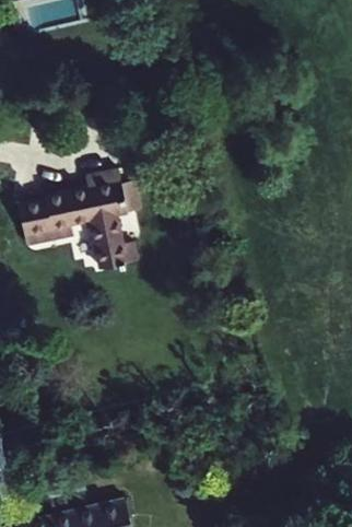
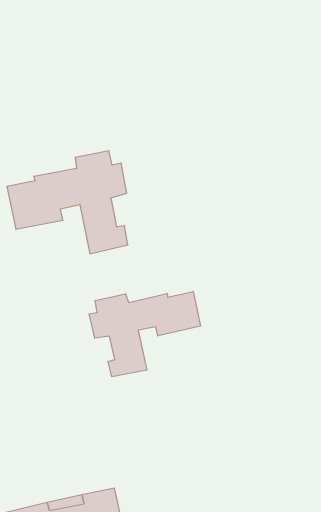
building: none -> [89,291,200,377]

